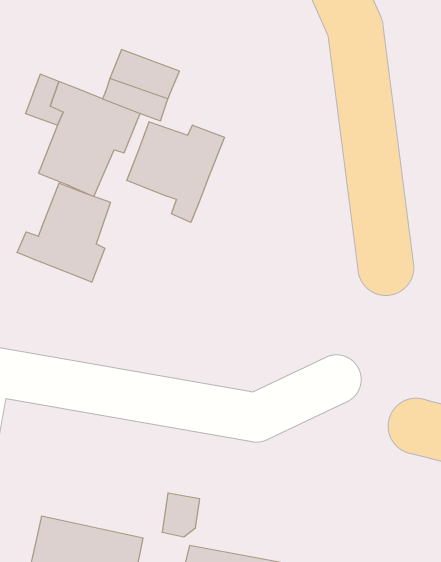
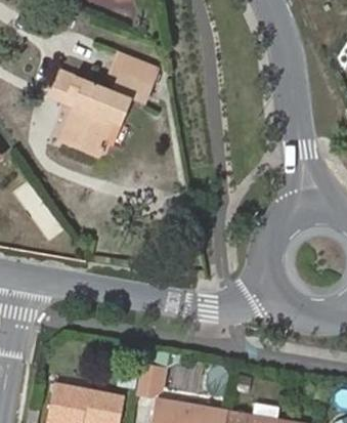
building: [127,122,225,222] -> none
building: [17,183,111,282] -> none

